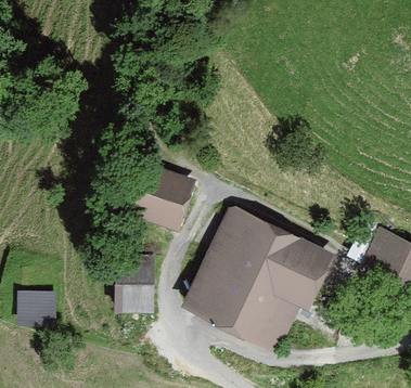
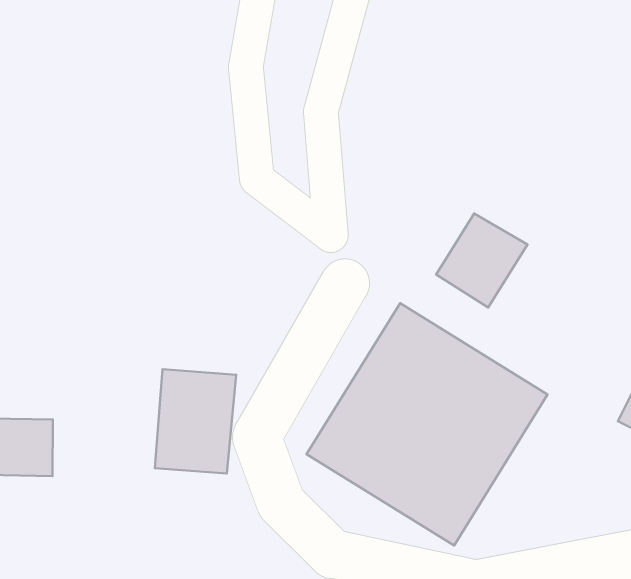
building: none -> [436,213,527,308]
building: [132,167,193,229] -> none

